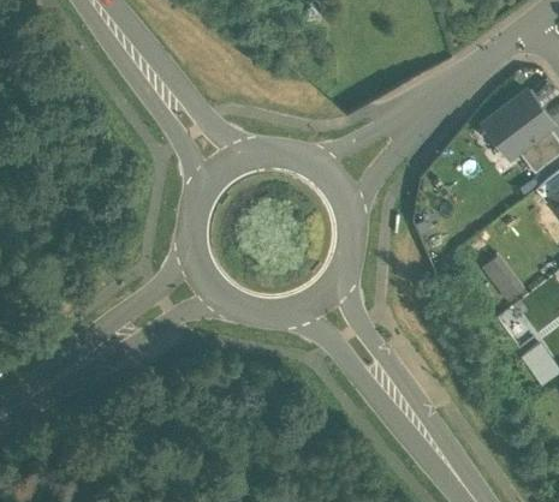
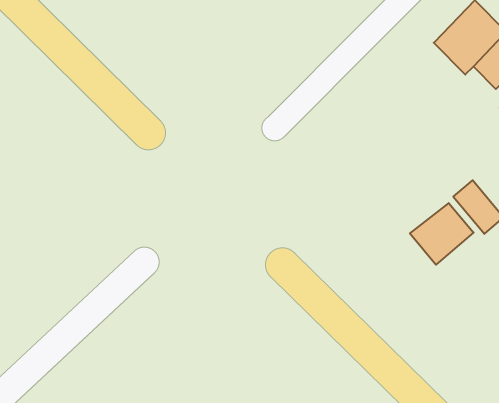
building: none -> [410,203,474,265]

